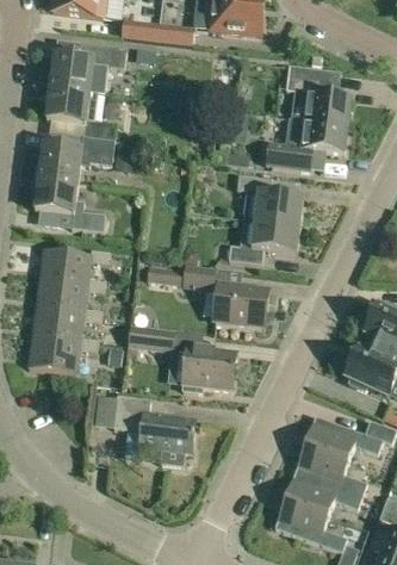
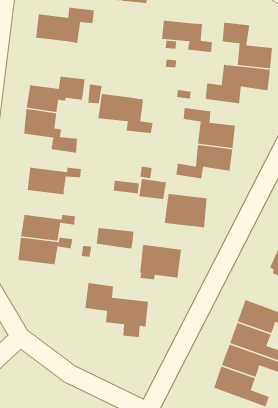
building: none -> [161,20,213,53]
building: [45,87,116,138] -> [98,93,153,134]
building: [36,279,105,315] -> none

